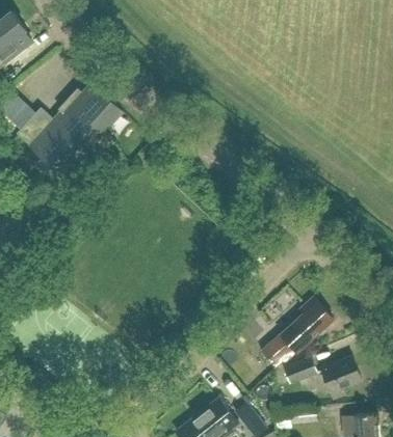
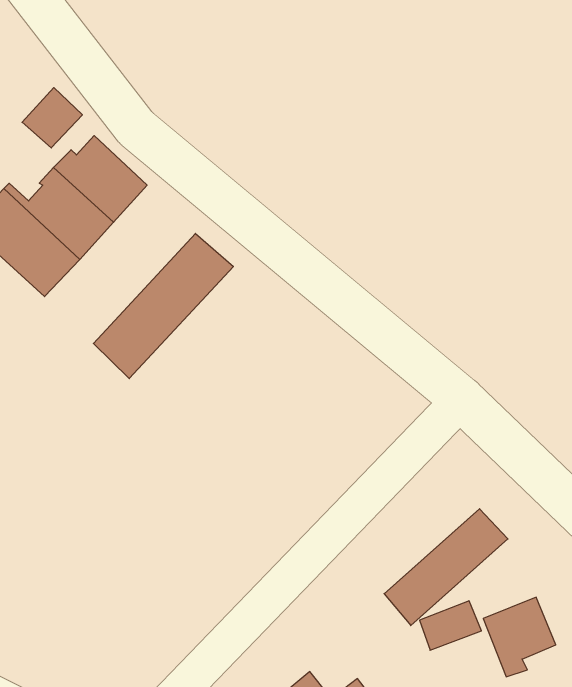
building: none -> [22,88,82,148]
building: none -> [93,233,233,379]

